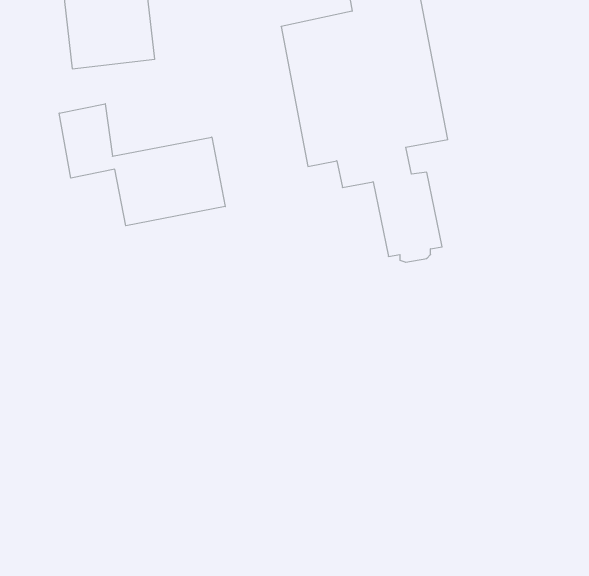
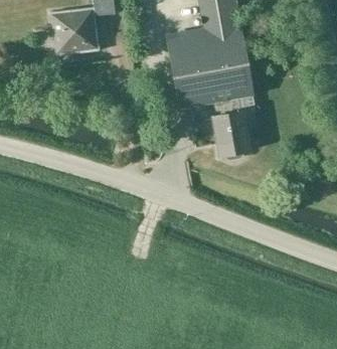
building: [59,104,225,226] -> none

